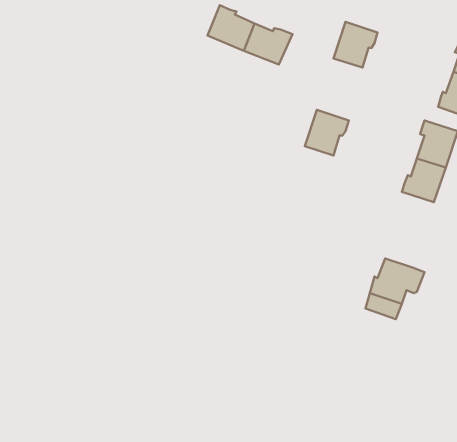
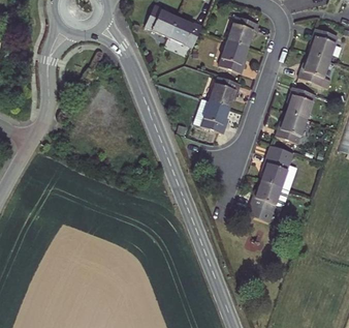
building: none -> [221,42,248,73]
building: none -> [192,99,228,133]
building: none -> [263,144,298,188]

